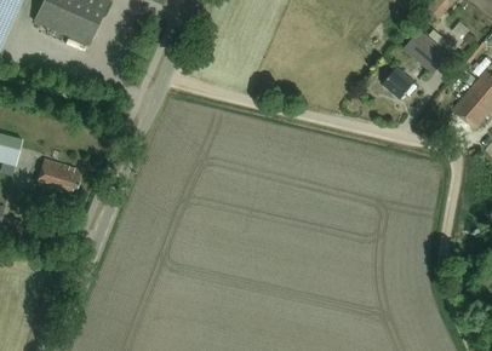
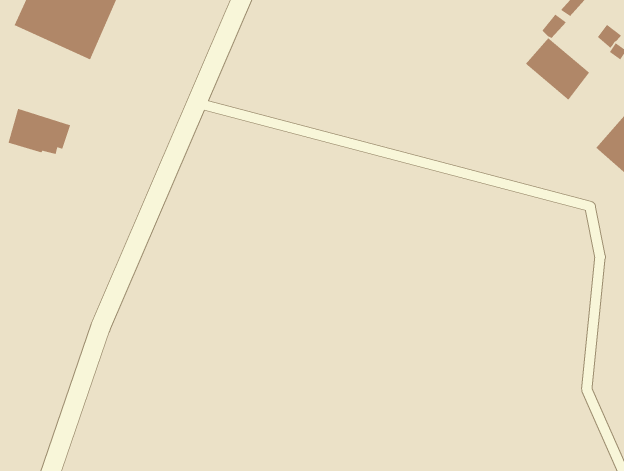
building: [381,68,417,100] -> none
building: [36,159,82,192] -> [7,108,71,155]

